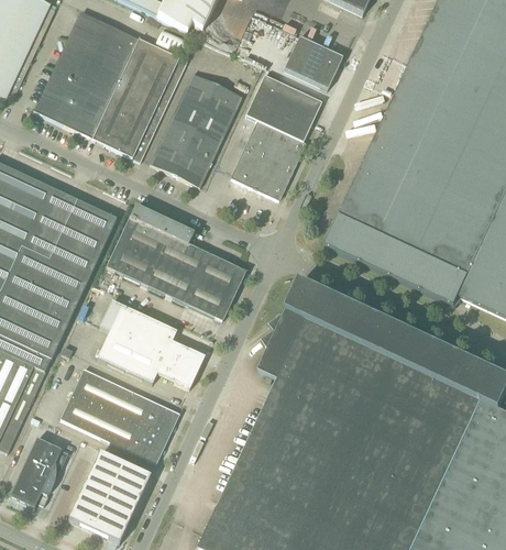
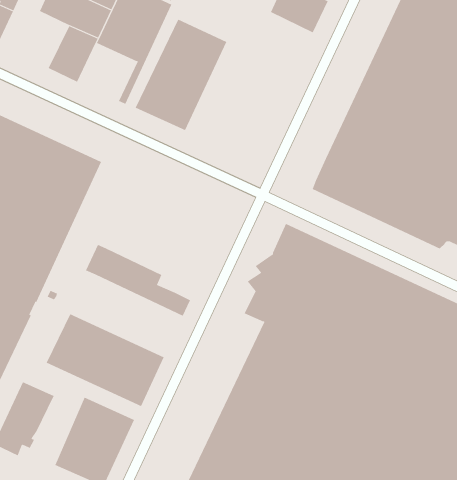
building: [34,66,84,123] -> none
building: [231,74,322,199] -> none
building: [92,98,152,156] -> none
building: [108,206,245,320] -> none
building: [97,330,198,388] -> none

